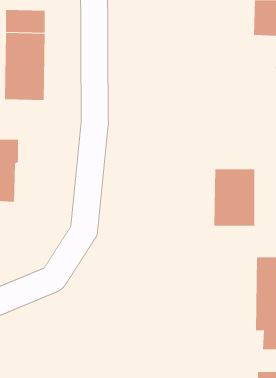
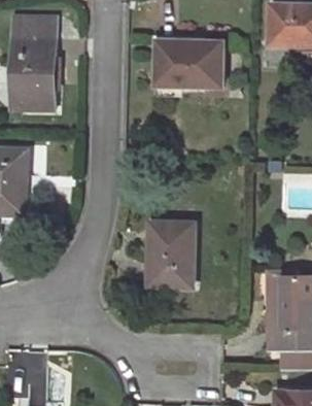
building: none -> [159,42,222,83]
building: [214,169,255,226] -> [149,224,193,283]

